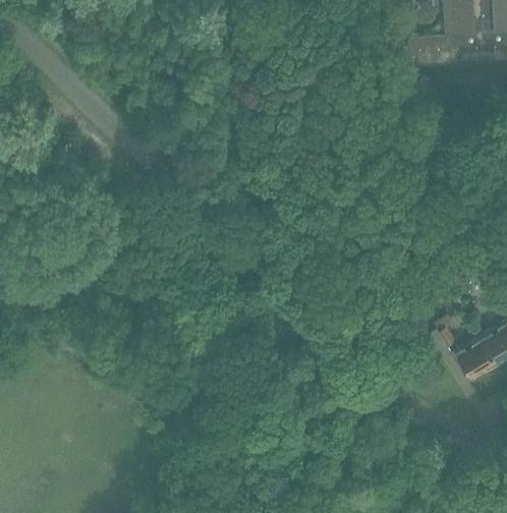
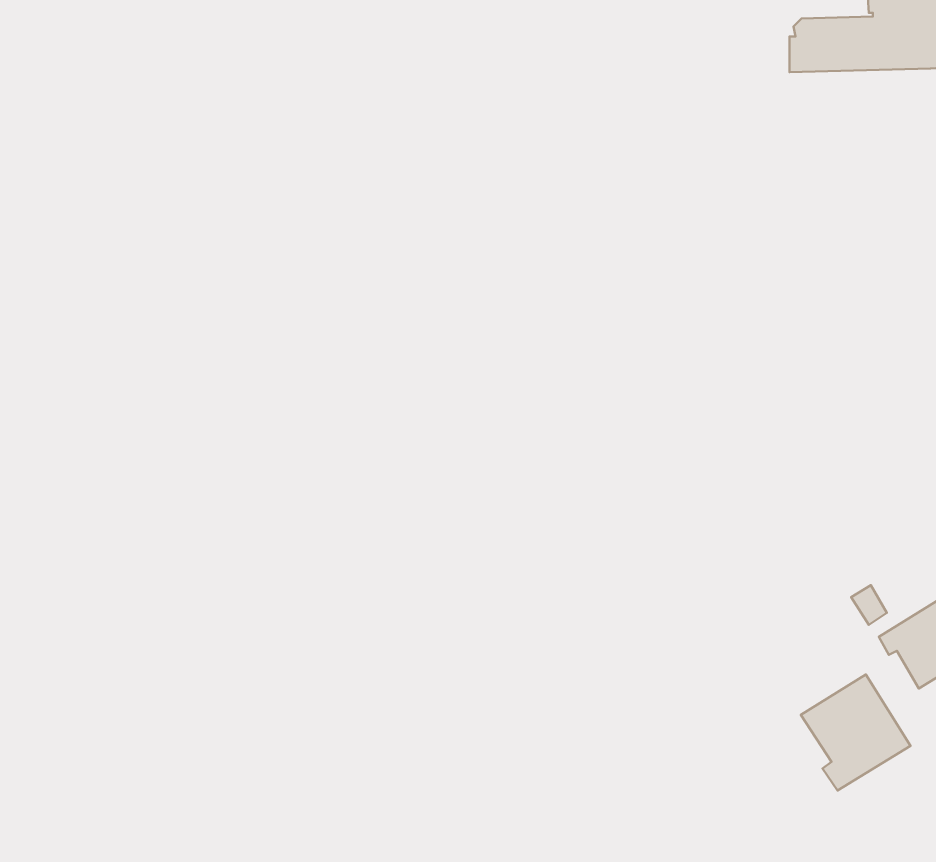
building: none -> [801,675,910,790]

